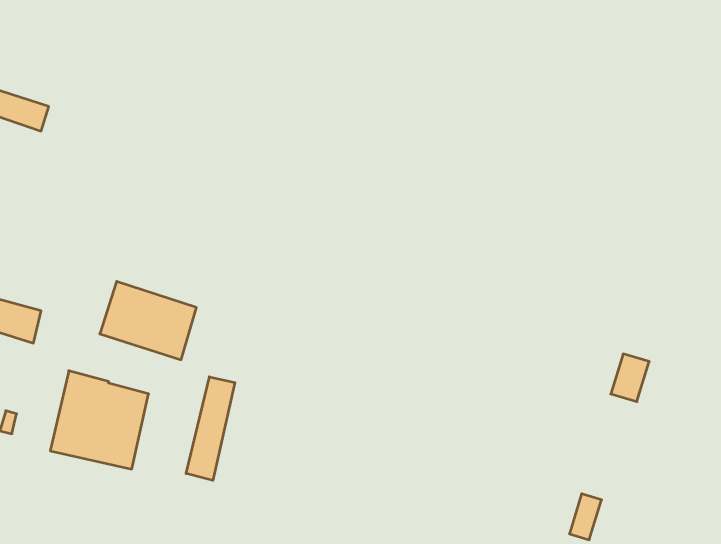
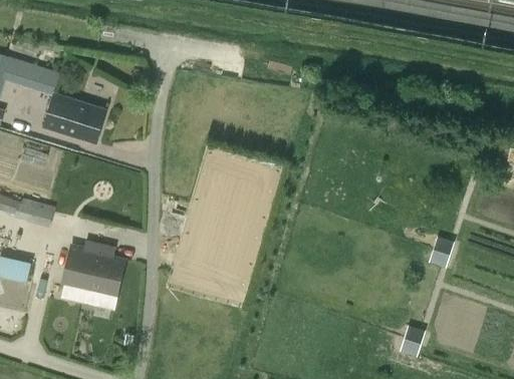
building: [100,281,196,360] -> [43,92,106,143]
building: [186,377,235,480] -> none

